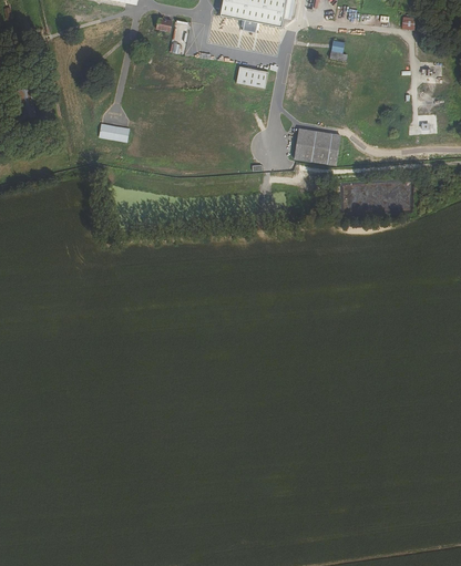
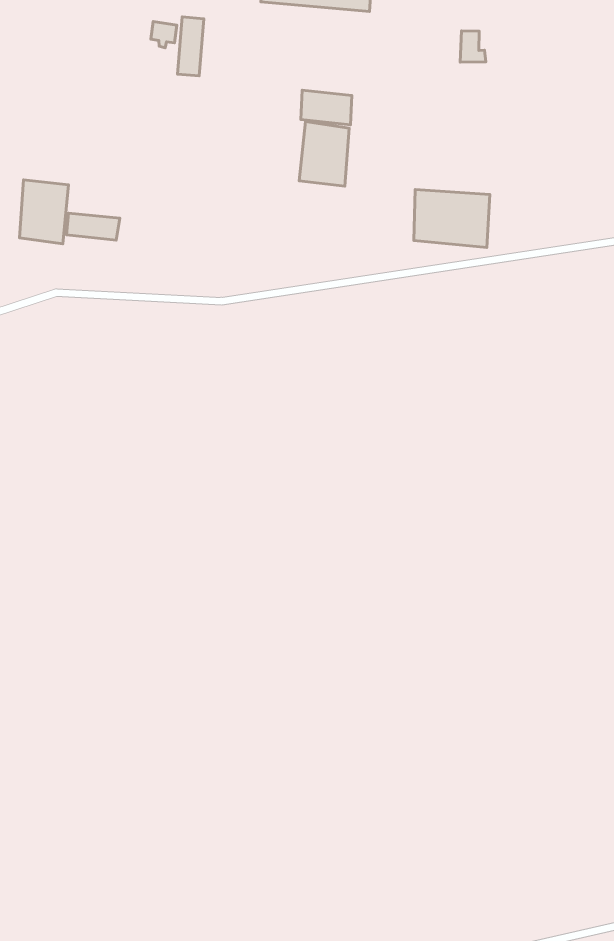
building: none -> [299,122,349,186]
building: none -> [20,180,69,244]

